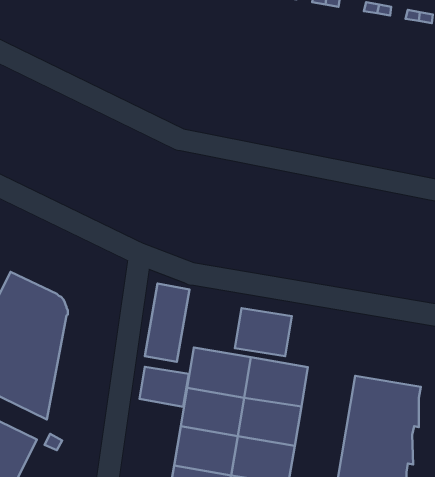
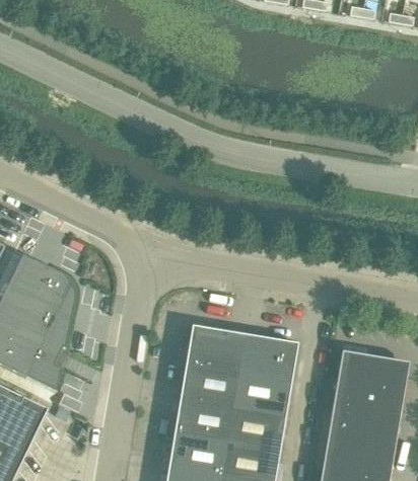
building: [145,284,189,362] -> none
building: [235,308,292,356] -> none
building: [140,367,189,407] -> none

